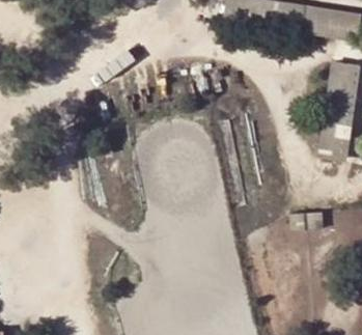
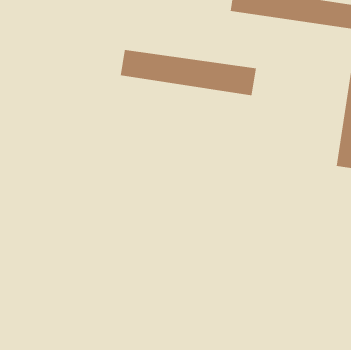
building: none -> [120,49,257,96]

